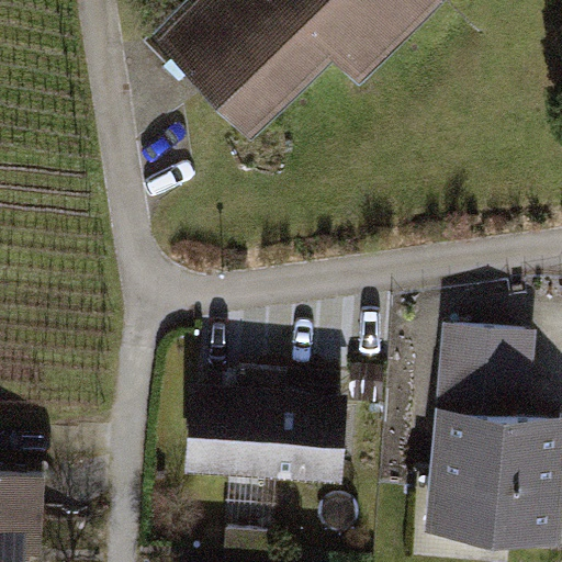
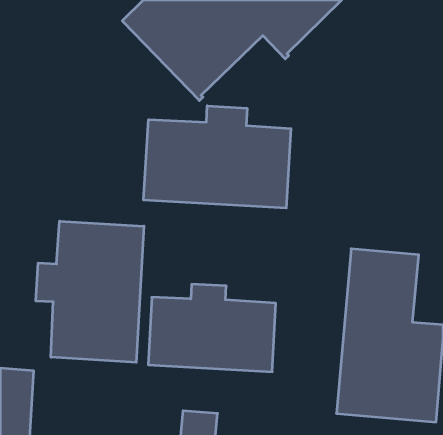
building: none -> [144,106,291,208]
building: none -> [36,221,144,362]

